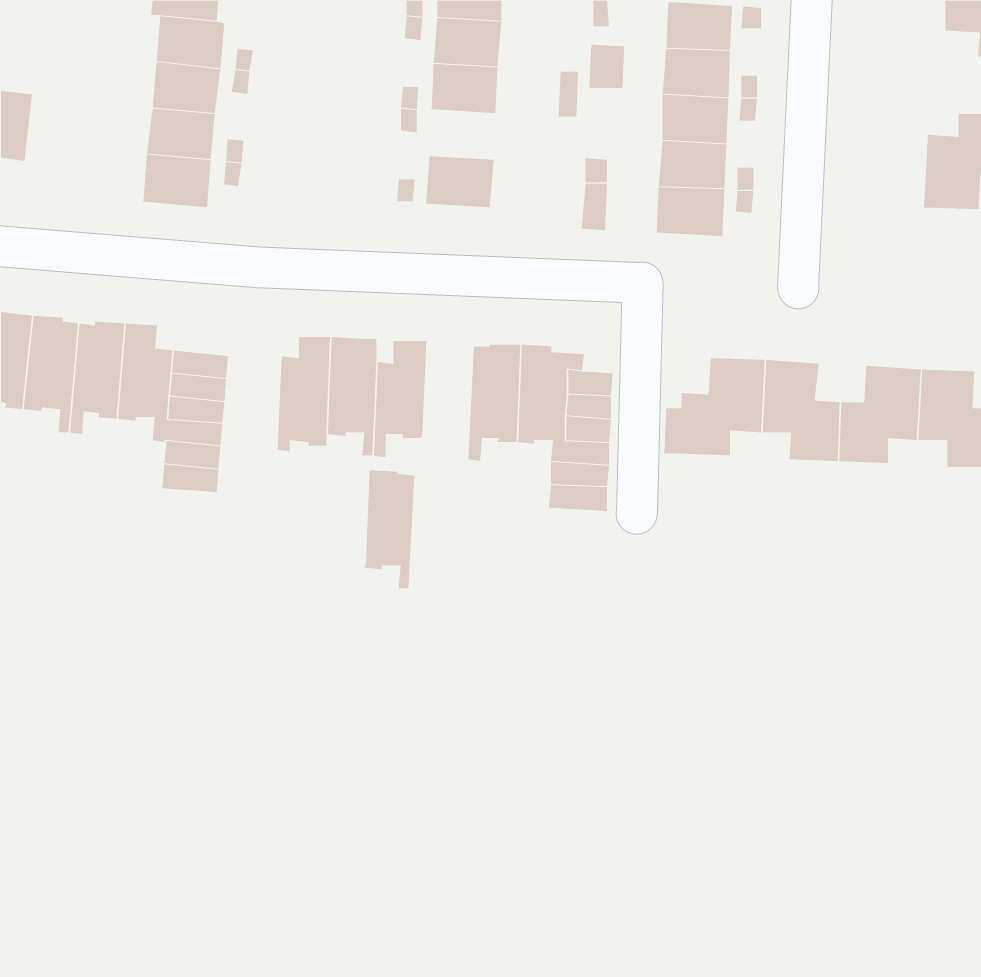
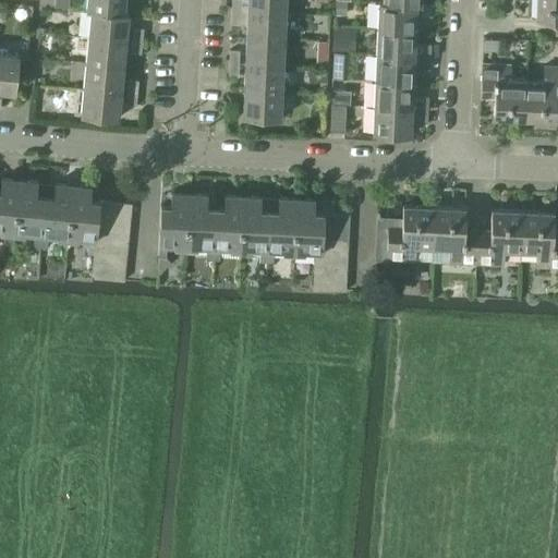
building: none -> [480,64,526,121]
building: none -> [244,65,282,94]
building: [363,470,415,589] -> [240,196,269,264]

